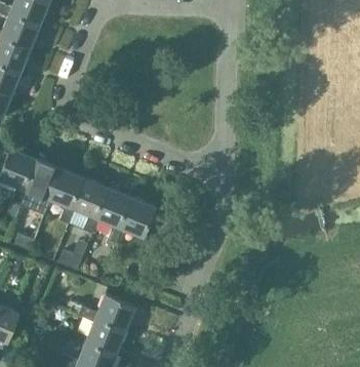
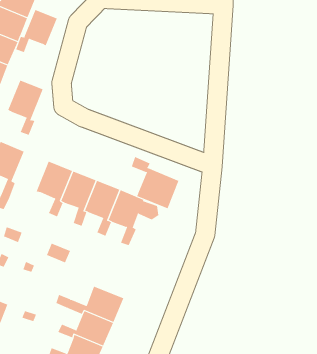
building: none -> [15,9,58,53]
building: [23,160,58,215] -> [7,80,43,135]
building: none -> [131,156,179,209]

